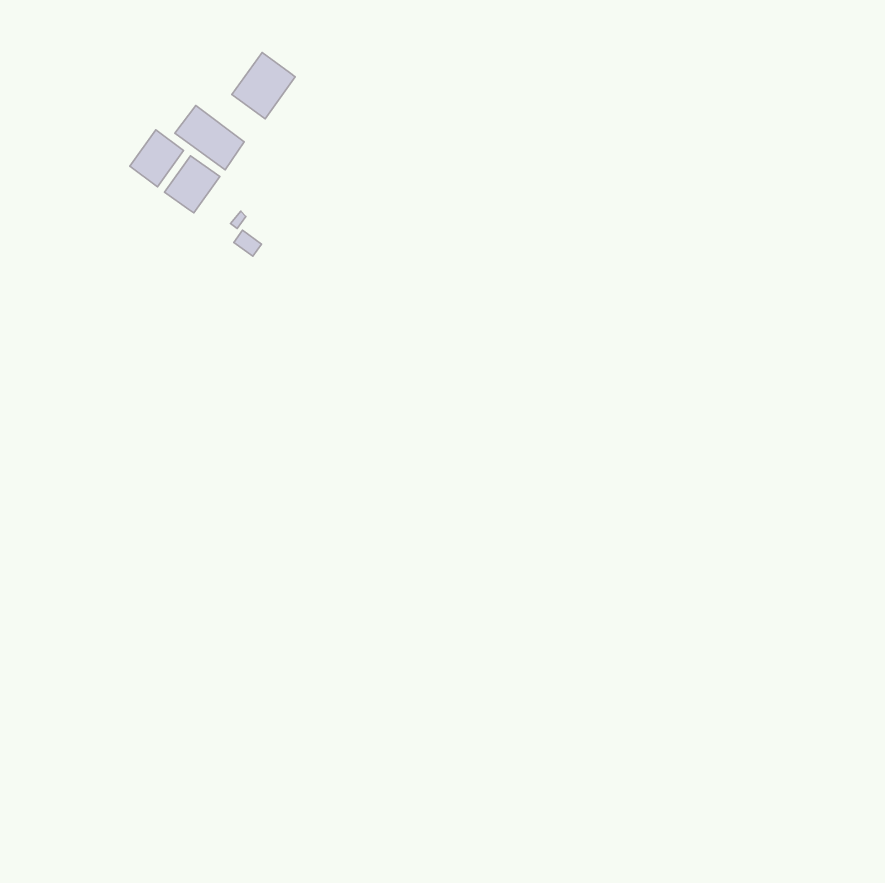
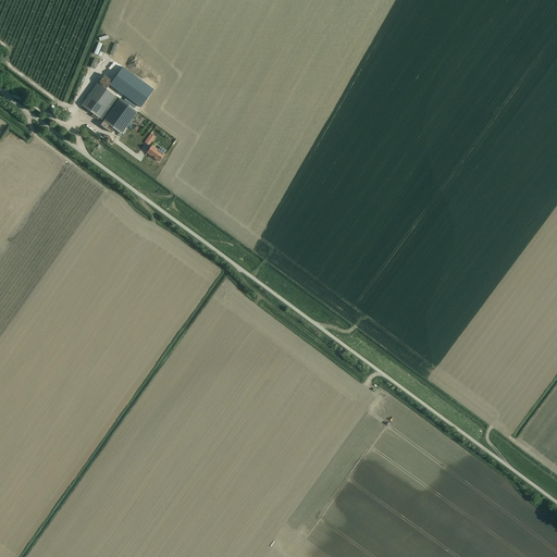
building: [232,53,295,119] -> none

